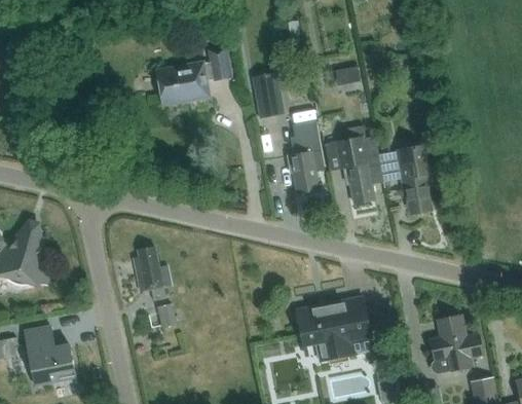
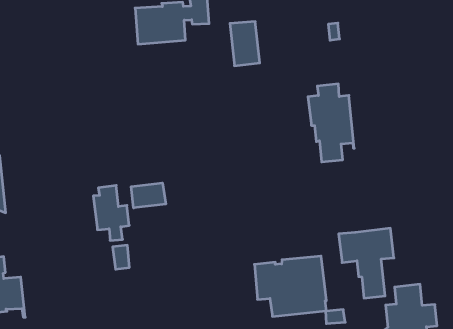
building: [287,121,325,194] -> none
building: [379,144,436,215] -> [339,228,394,298]
building: none -> [131,183,166,208]

